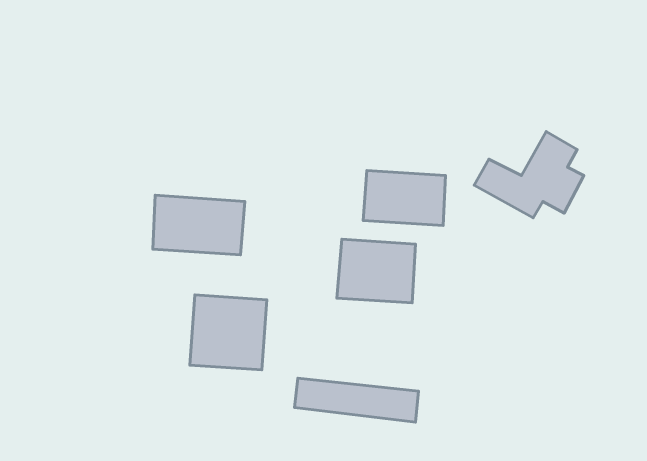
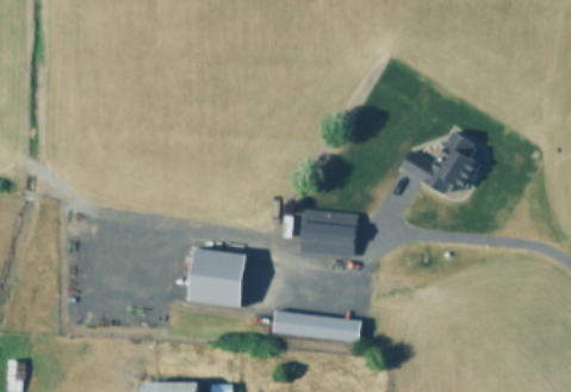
building: [363,171,445,226] -> none
building: [153,195,245,255] -> none

